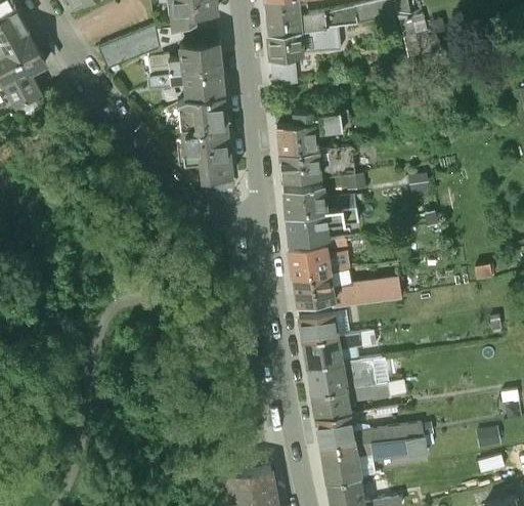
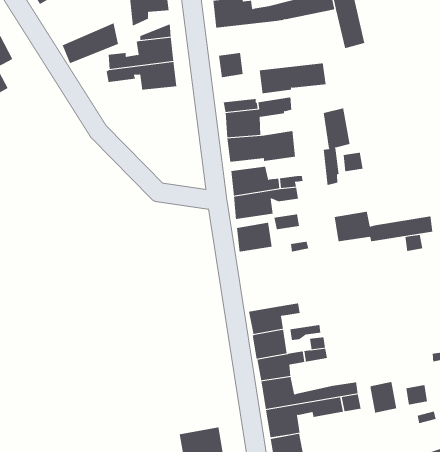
building: [266,27,340,60] -> [259,63,326,94]
building: [177,98,230,184] -> none
building: none -> [323,108,350,186]
building: [292,273,400,307] -> [334,211,433,242]
building: [298,313,338,344] -> none
building: none -> [370,381,397,413]

